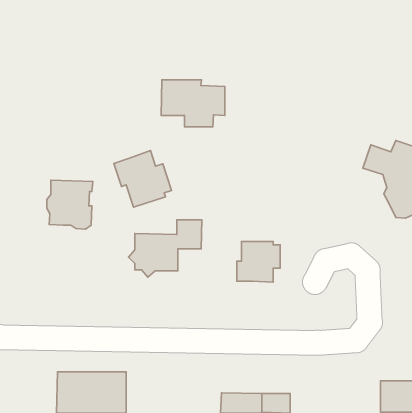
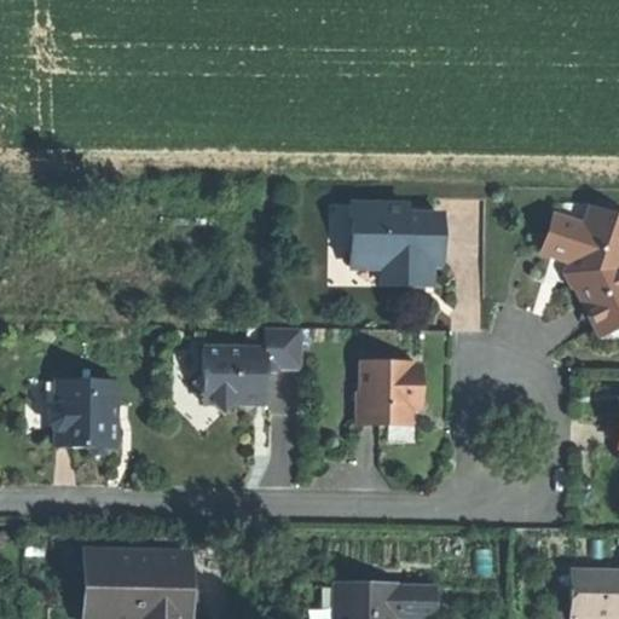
building: [161,80,225,127] -> [348,204,444,274]
building: [114,150,172,207] -> none
building: [47,180,93,229] -> [50,378,118,452]

